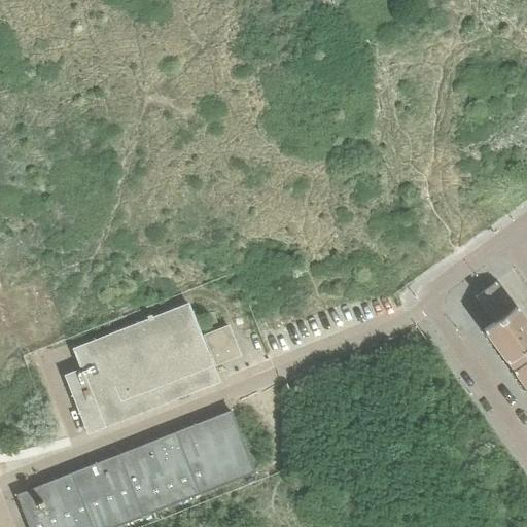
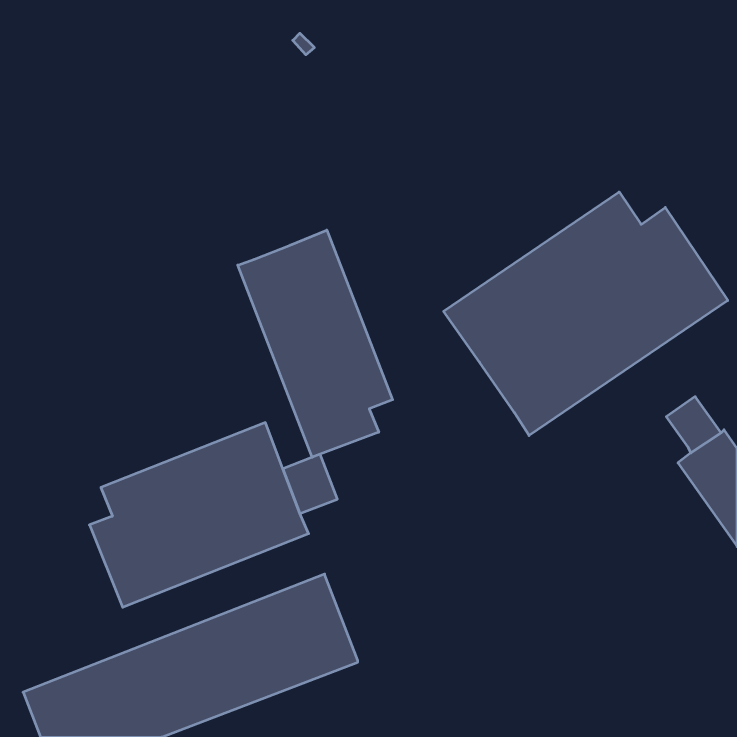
building: none -> [444,192,728,436]
building: none -> [238,230,393,457]

